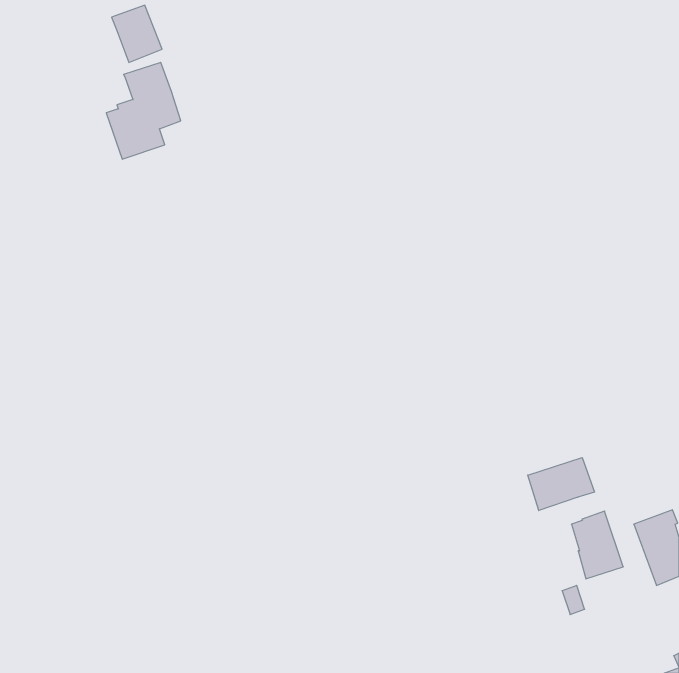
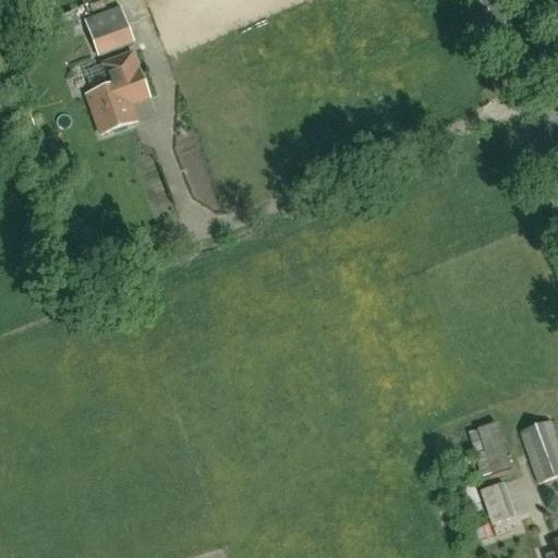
building: [528,458,594,511] -> none
building: none -> [480,481,513,521]

